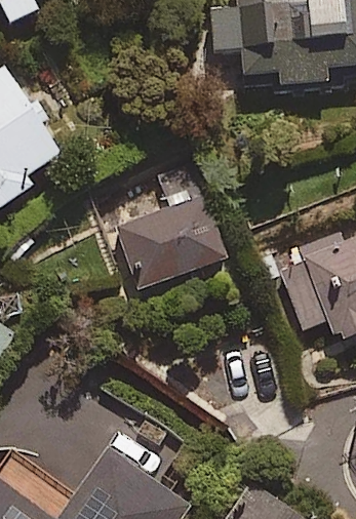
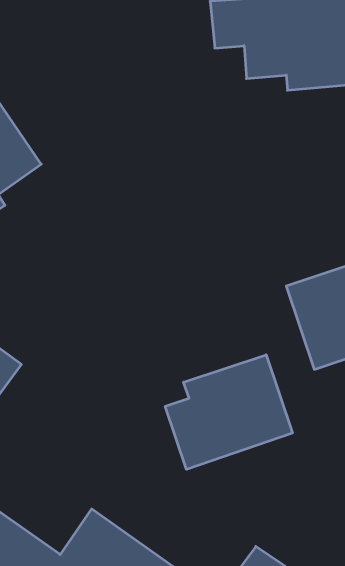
building: [117,165,225,288] -> none
building: none -> [165,355,292,469]

